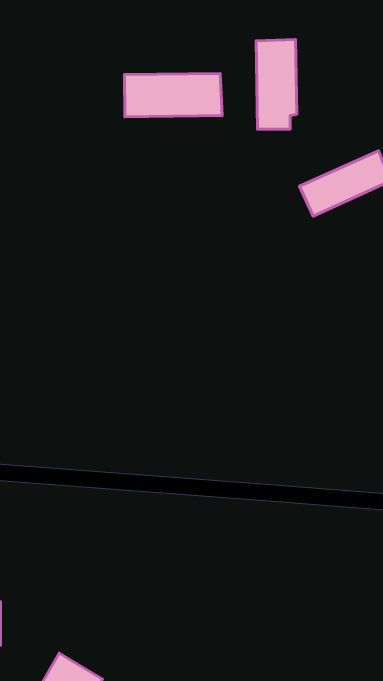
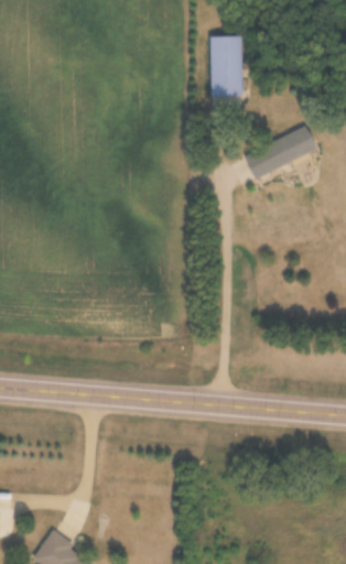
building: [124,74,222,117] -> none

